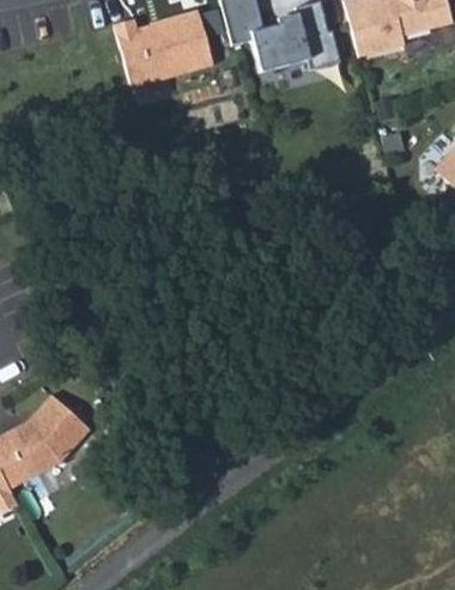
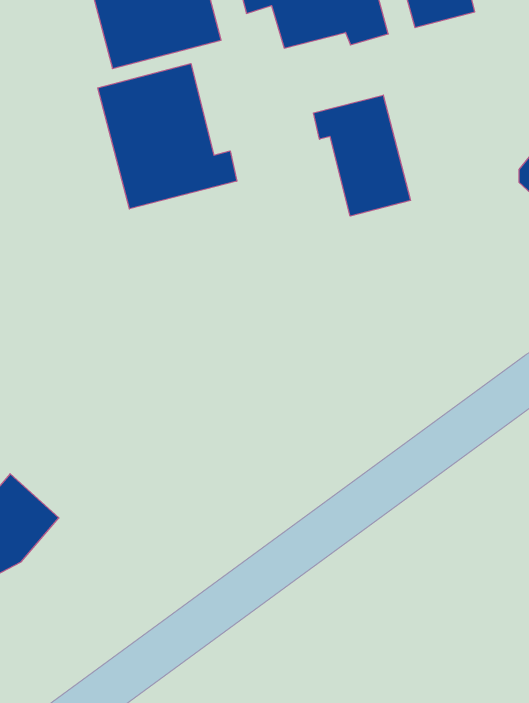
building: none -> [98,64,237,209]
building: none -> [314,95,411,216]

